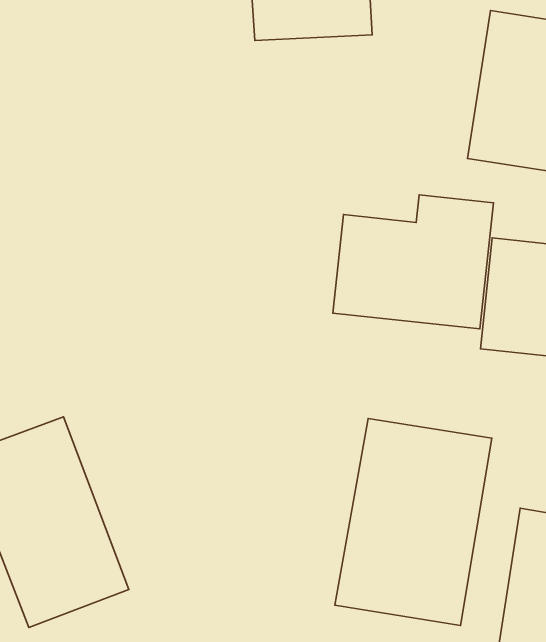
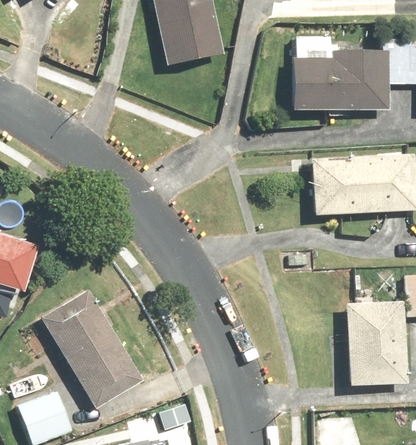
building: [333,195,494,329] -> none
building: [335,418,492,626] -> none

